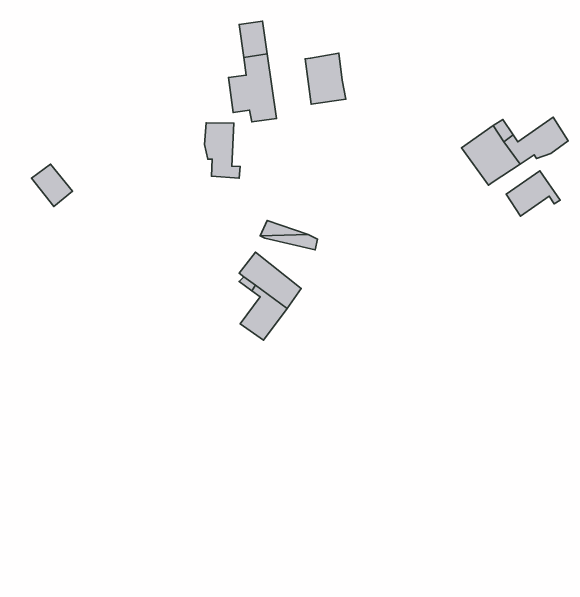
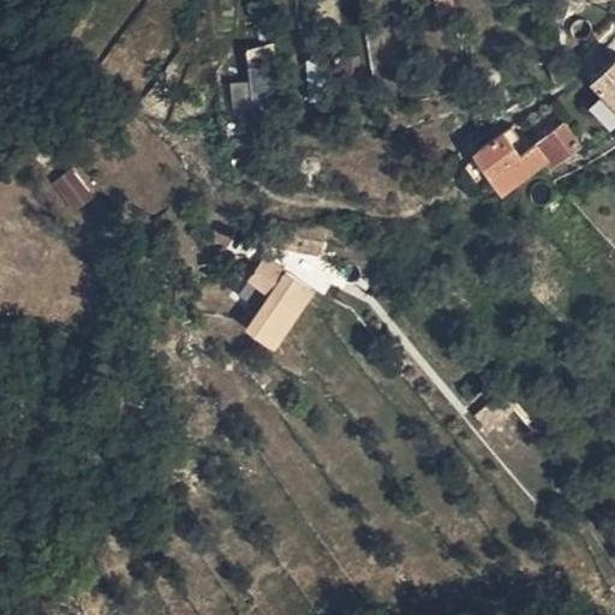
building: [305,53,346,104] -> none
building: [204,123,240,178] -> none
building: [506,171,560,216] -> none

